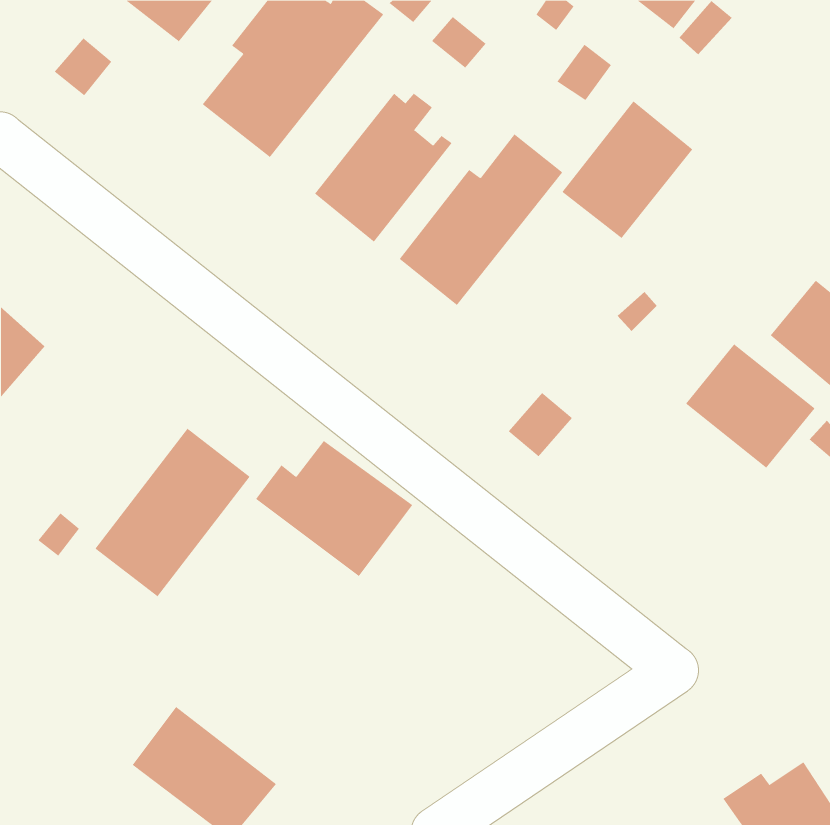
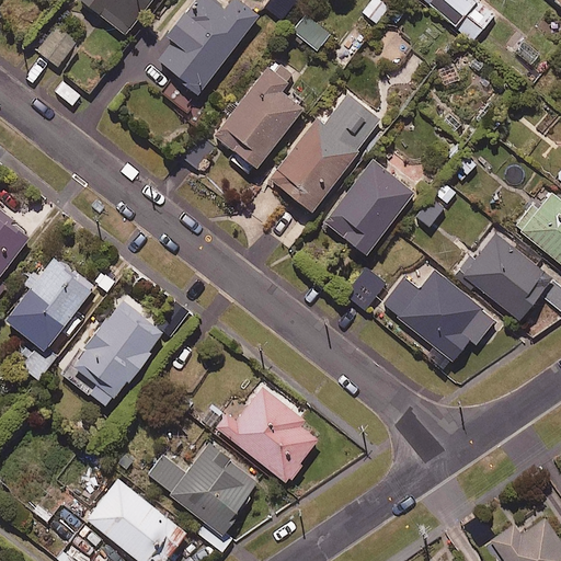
building: [561,101,693,239] -> [323,160,412,253]
building: none -> [5,254,95,348]
building: none -> [382,271,494,359]
building: [255,440,413,577] -> [218,388,324,480]
building: none -> [149,444,260,534]

